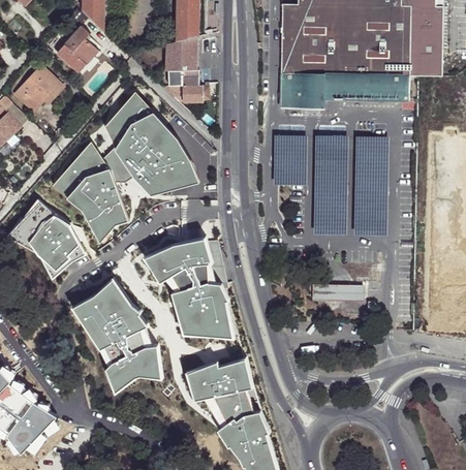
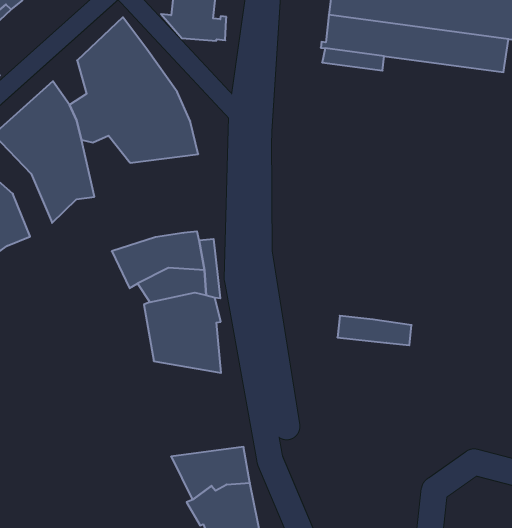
building: [273,137,306,187] -> none
building: [313,137,347,237] -> none
building: [353,138,387,238] -> none
building: [75,281,162,391] -> none
building: [185,359,253,401] -> none

